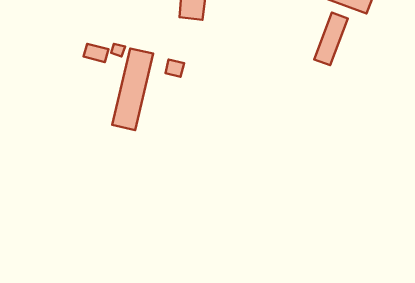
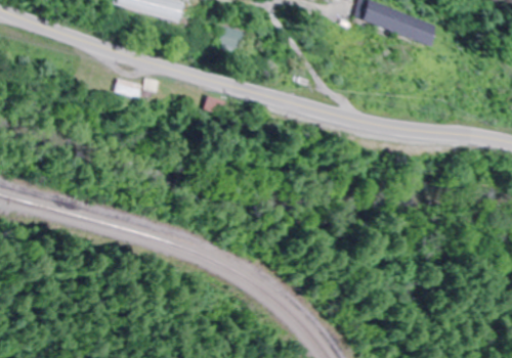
building: [314,13,348,65] -> none
building: [112,48,153,130] -> none

